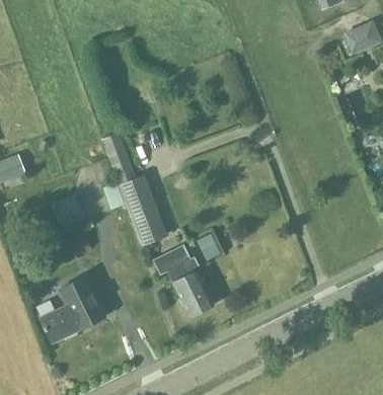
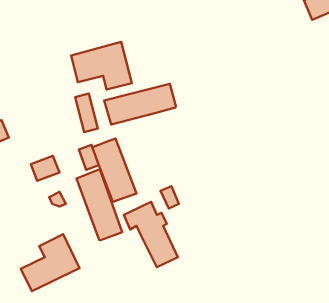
building: none -> [71,42,132,89]
building: none -> [104,84,176,125]
building: none -> [77,169,122,240]

